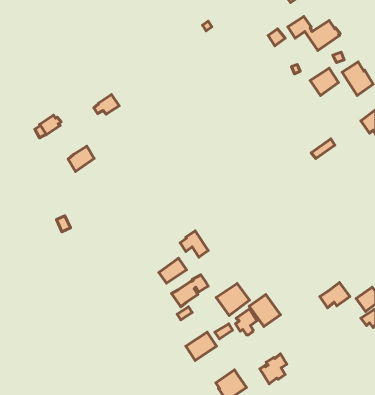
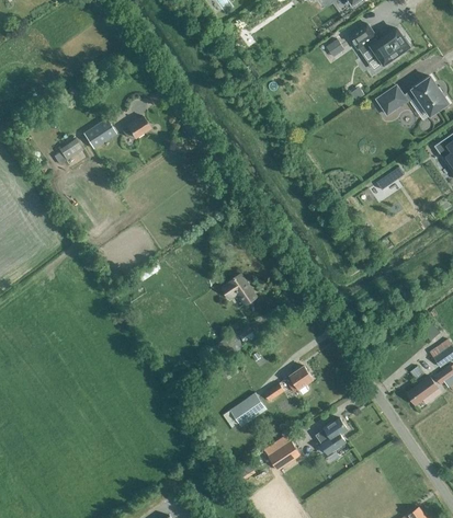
building: [68,146,94,171] -> [82,120,113,150]
building: [159,258,187,283] -> none
building: [320,282,350,308] -> [406,377,441,406]
building: [216,283,250,316] -> none
building: [249,294,280,327] -> none

